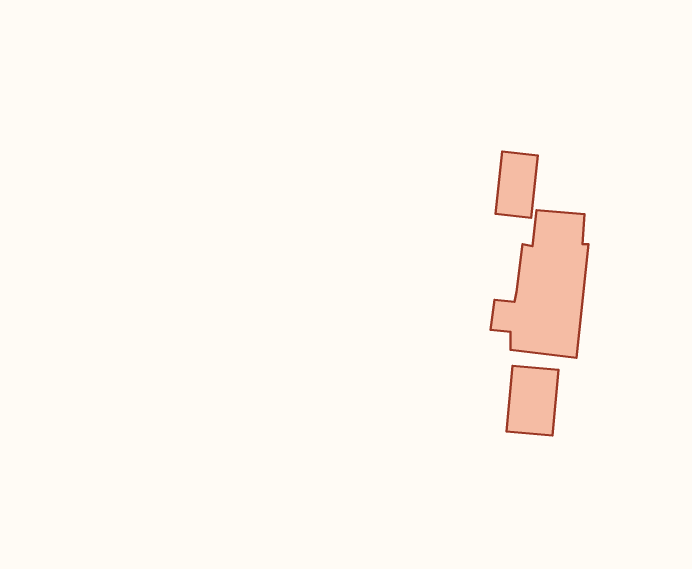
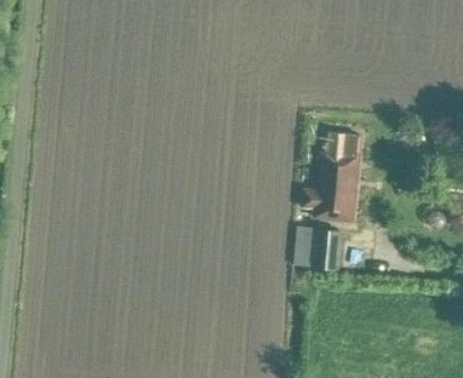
building: [496,152,538,218] -> none

